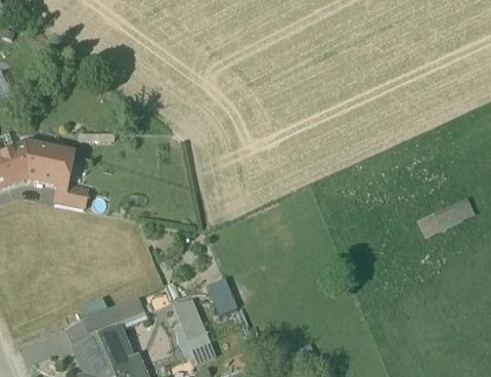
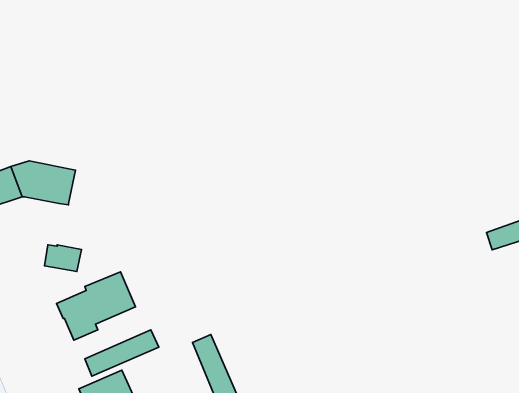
building: [54,184,87,208] -> [44,245,82,272]
building: none -> [57,272,135,340]
building: [206,278,236,315] -> none

